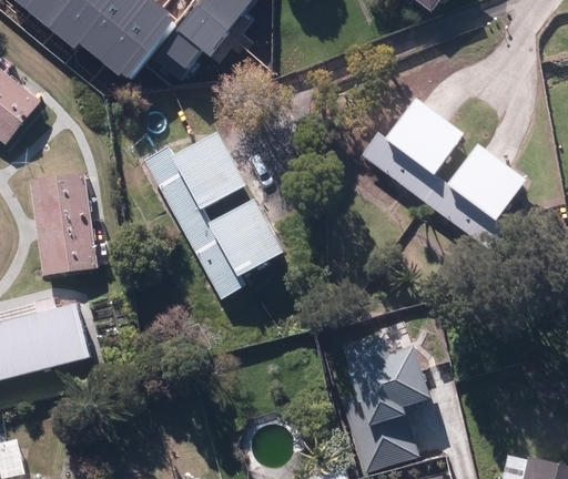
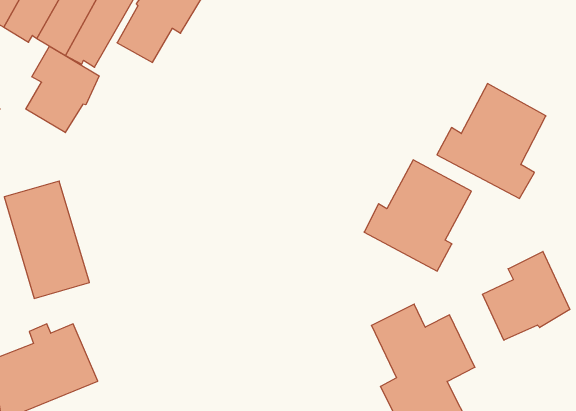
building: none -> [26,46,99,133]
building: [363,99,464,201] -> [364,160,471,271]
building: [145,132,284,299] -> none
building: none -> [482,251,570,340]

